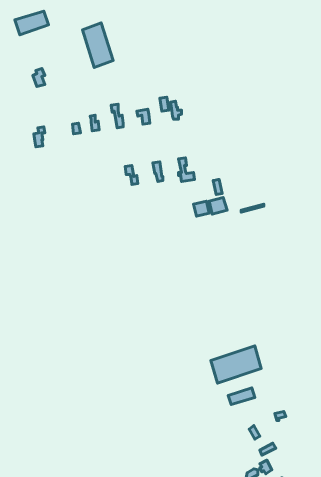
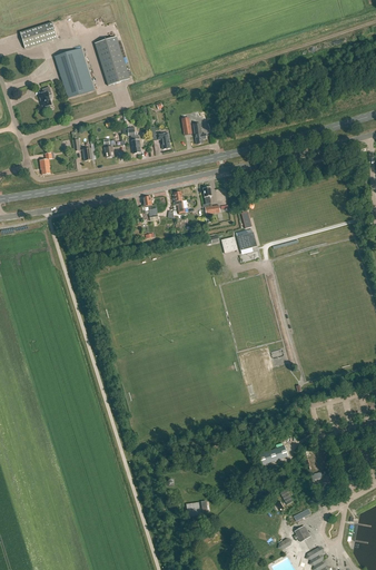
building: none -> [55,47,95,97]
building: [211,346,261,383] -> none

